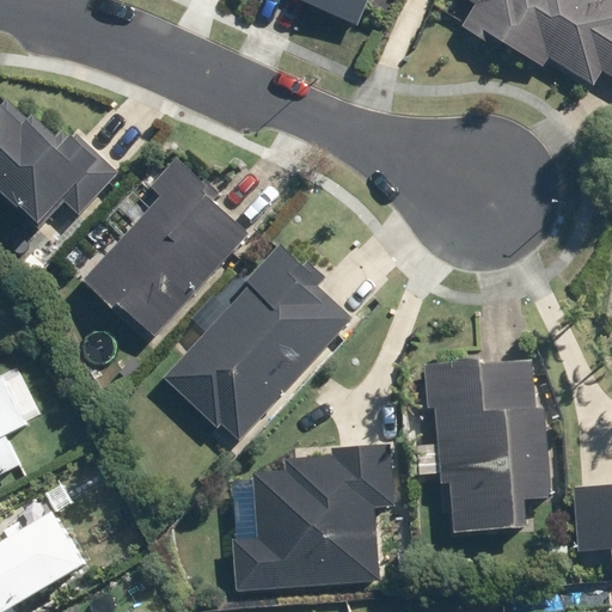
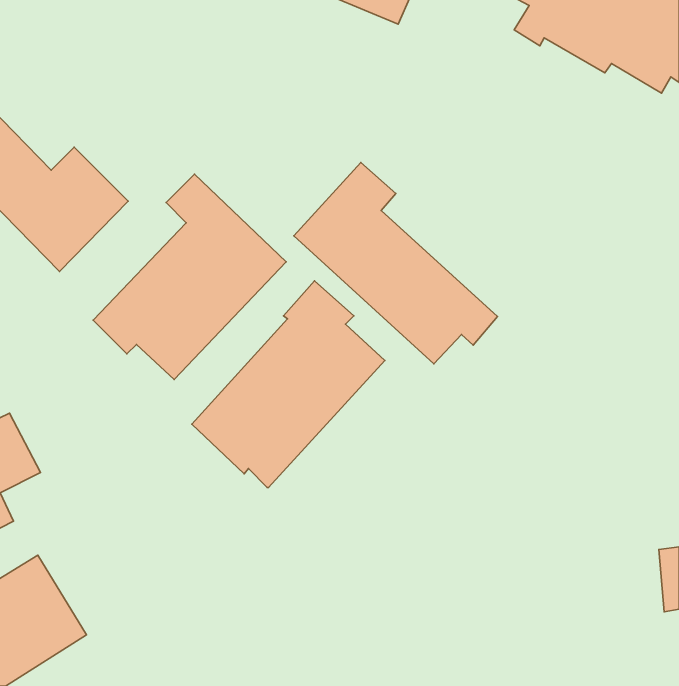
building: none -> [294,162,498,364]
building: [429,355,551,528] -> none
building: [239,447,390,585] -> none

